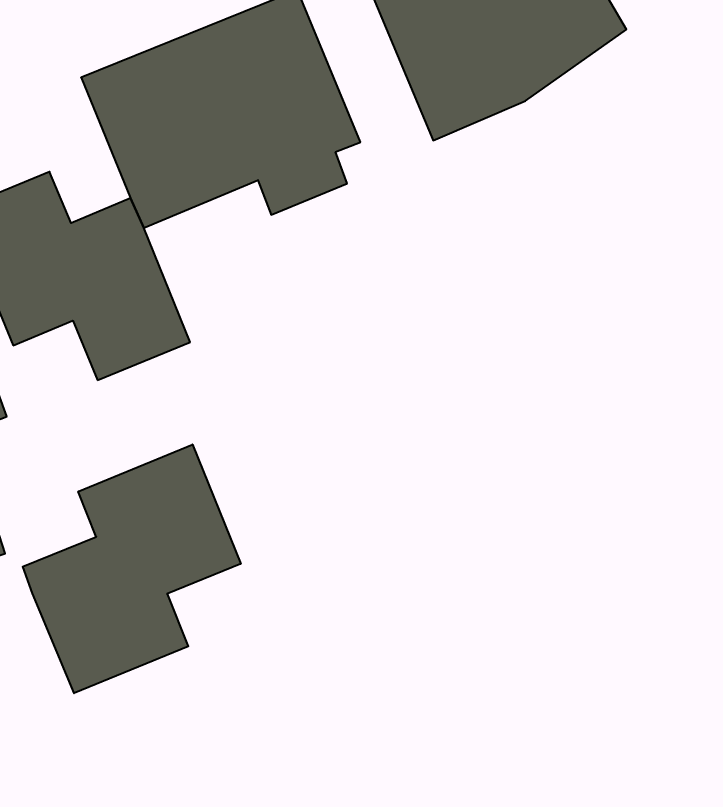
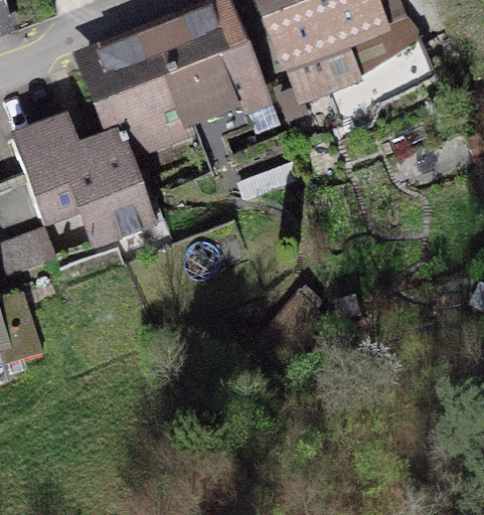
building: [23,444,241,693] -> none

